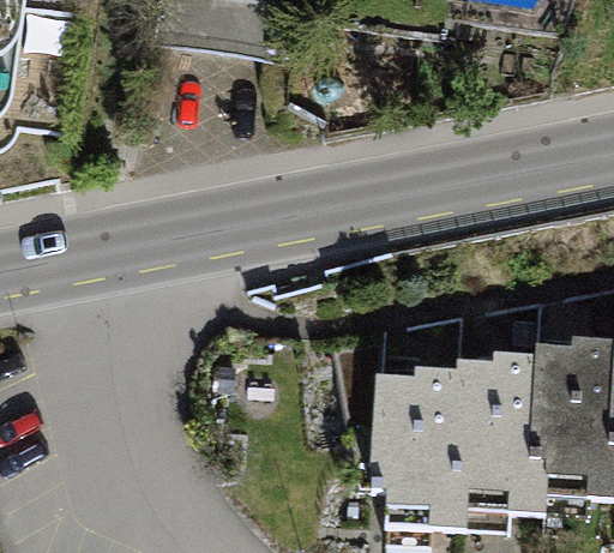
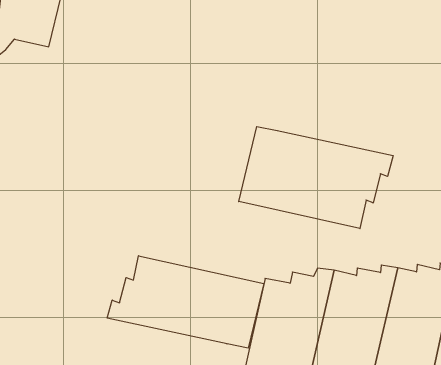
building: none -> [239,127,393,229]
building: none -> [107,256,264,348]

